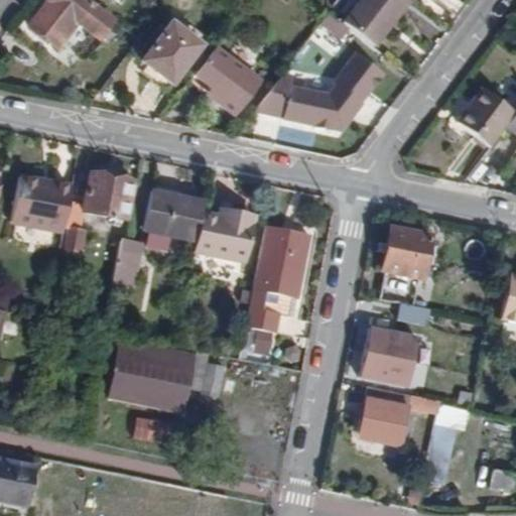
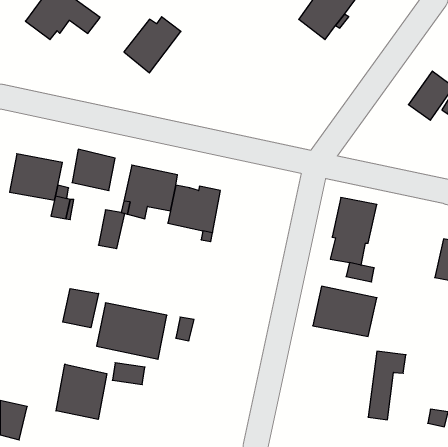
building: [195,45,263,114] -> none
building: [252,50,383,130] -> none
building: [246,226,310,333] -> none
building: none -> [63,289,99,328]
building: [359,387,411,439] -> none
building: none -> [56,364,107,419]

